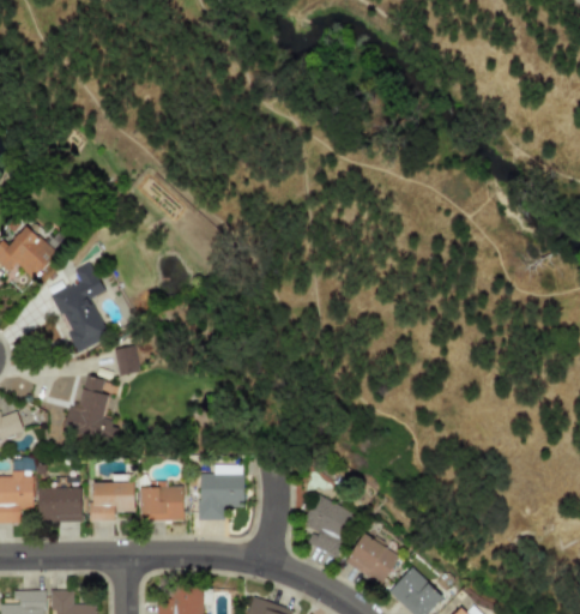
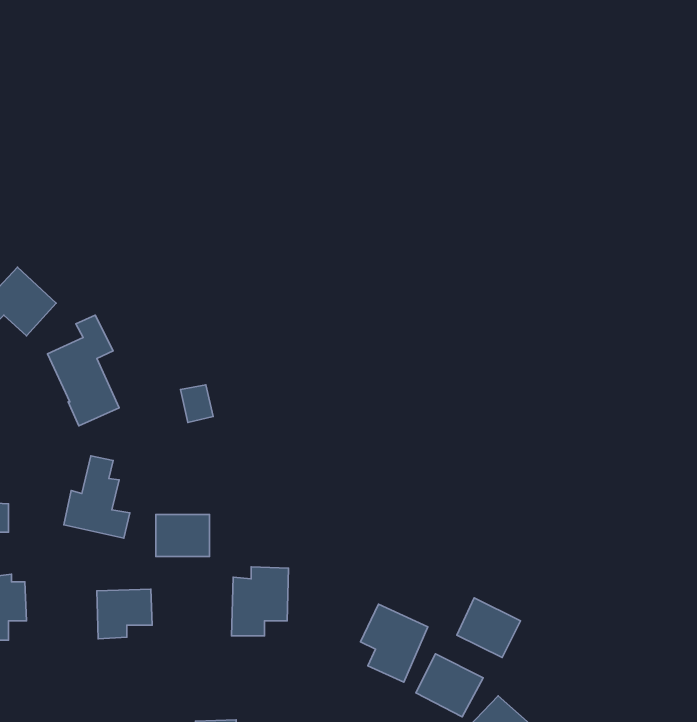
building: [114,345,140,375] -> [180,385,213,422]
building: [38,487,83,522] -> none
building: [140,487,183,520] -> [156,515,210,557]
building: none -> [457,598,521,657]

